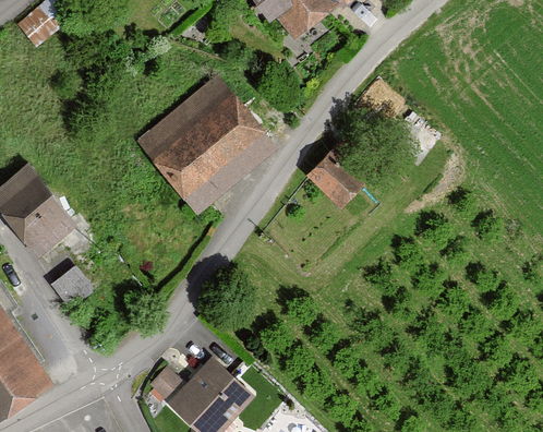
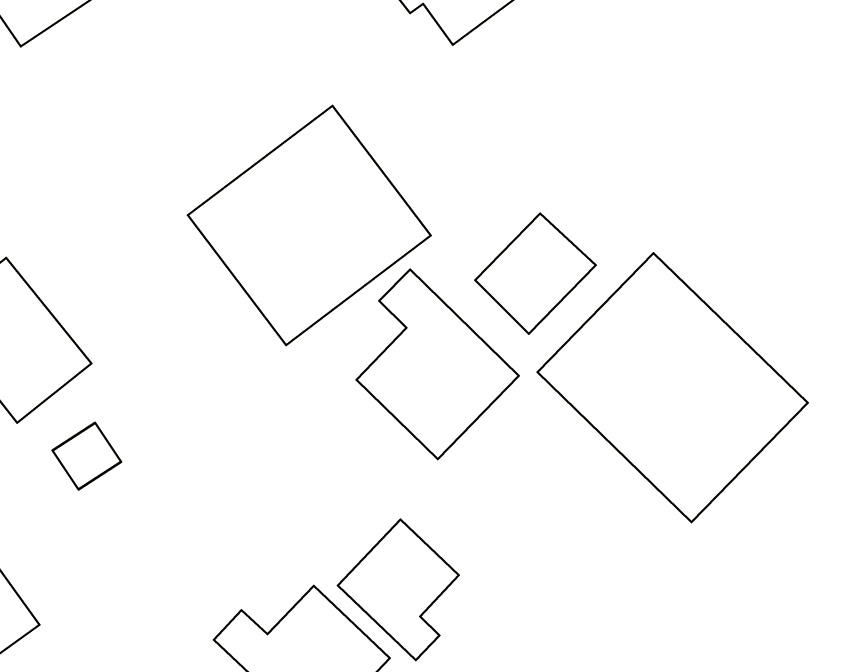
building: none -> [538,253,808,522]
building: none -> [356,270,519,459]
building: none -> [338,520,459,660]

